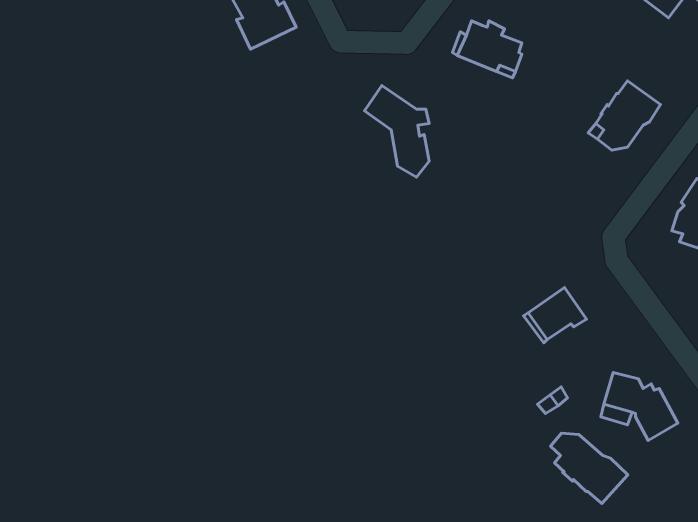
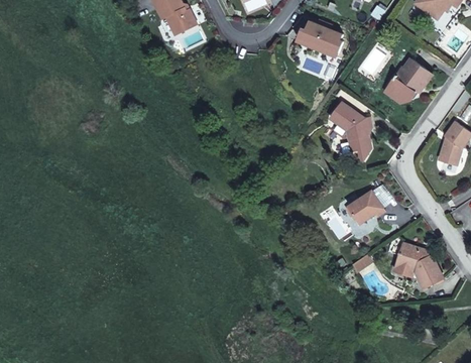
building: [364,86,429,177] -> [330,105,371,163]
building: [551,433,628,503] -> none

